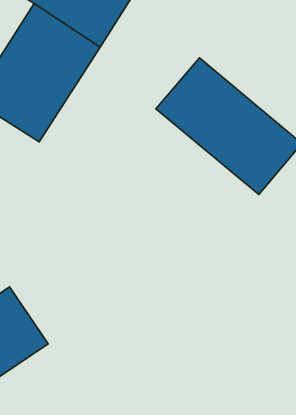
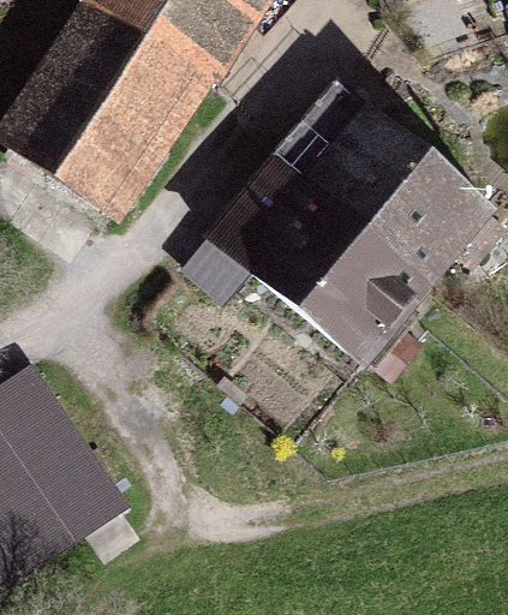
building: none -> [216,160,429,360]

